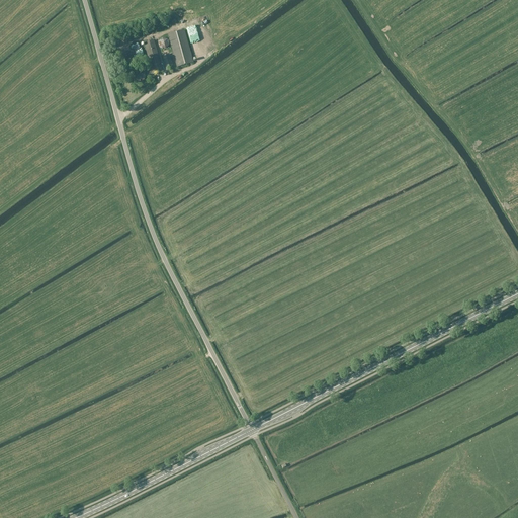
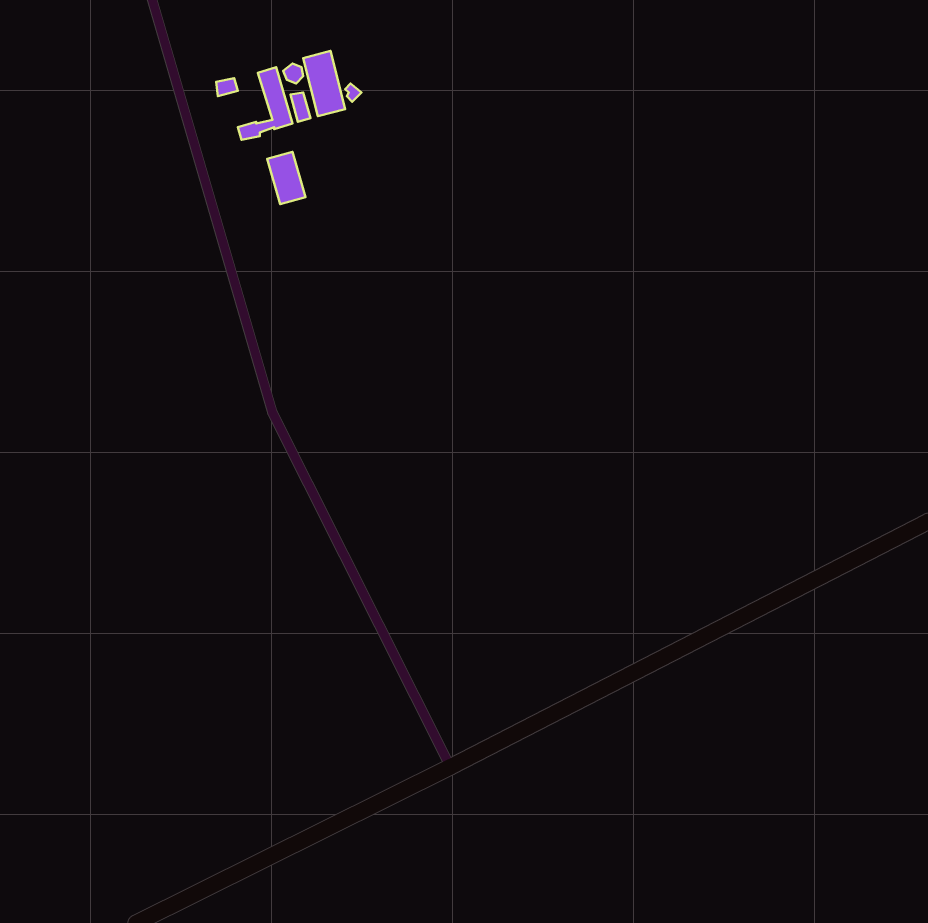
building: none -> [267,152,306,204]

